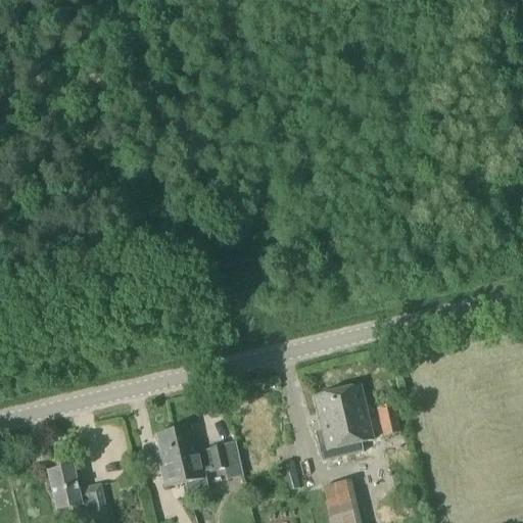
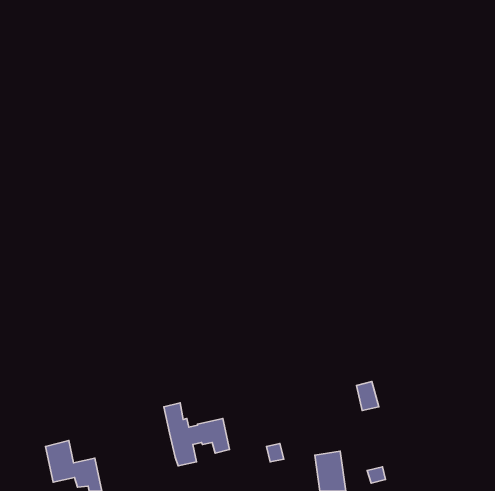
building: [306,386,371,448] -> none
building: [155,429,185,486] -> none

